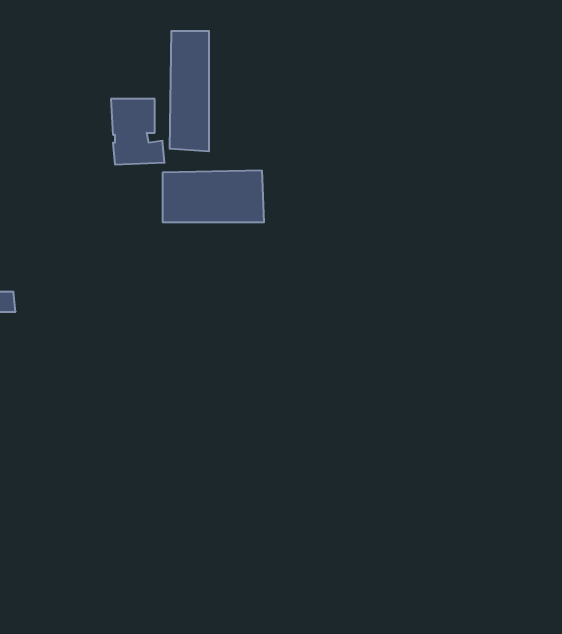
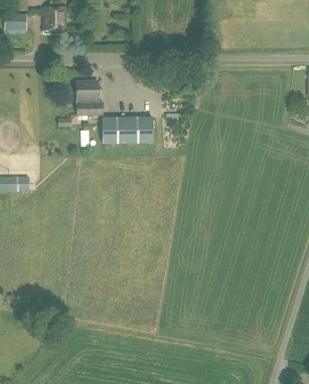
building: [170,31,209,151] -> none

